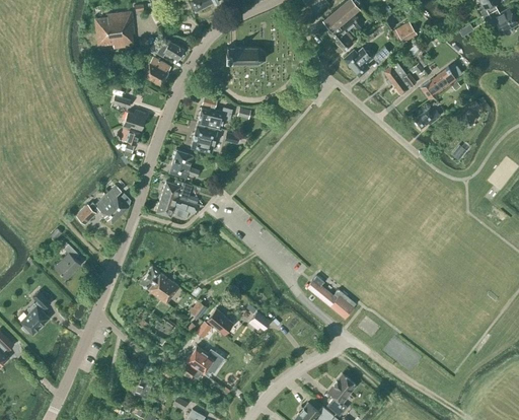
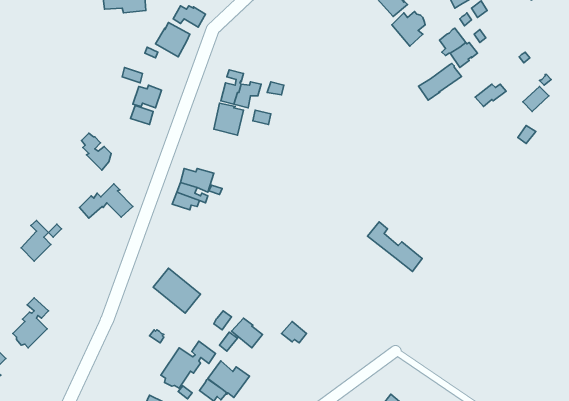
building: [227,47,266,63] -> none
building: [421,67,457,98] -> [419,64,461,100]
building: [170,149,200,177] -> none
building: [105,182,131,213] -> [82,133,111,170]
building: [56,243,81,278] -> [21,221,51,261]
building: [307,275,354,318] -> [367,222,422,272]
building: none -> [161,341,216,388]

